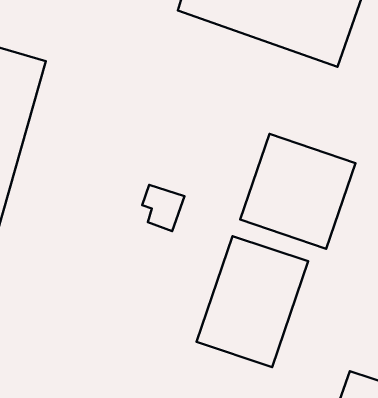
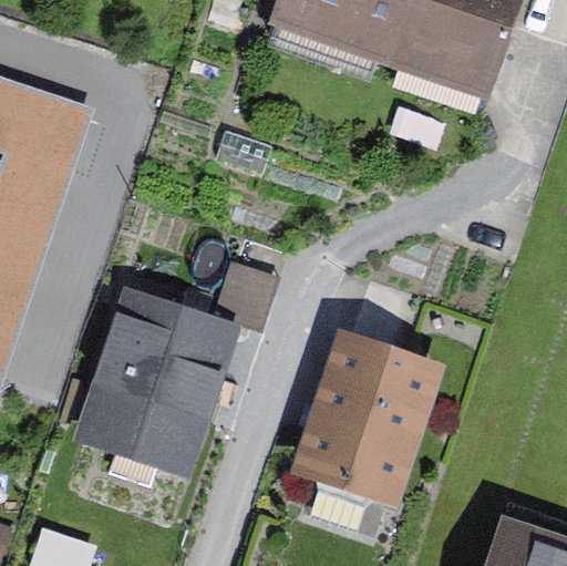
building: [240,134,356,249] -> none
building: none -> [82,282,237,466]

